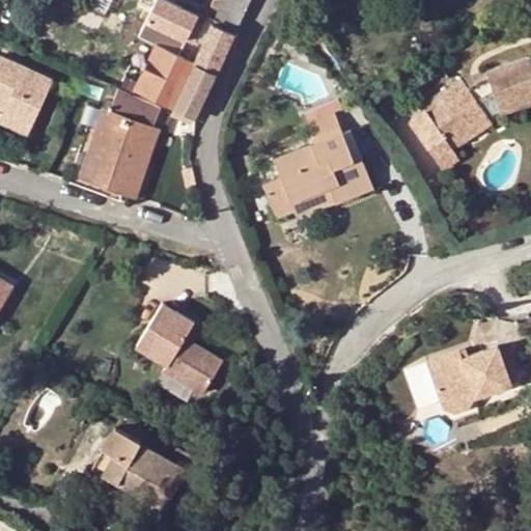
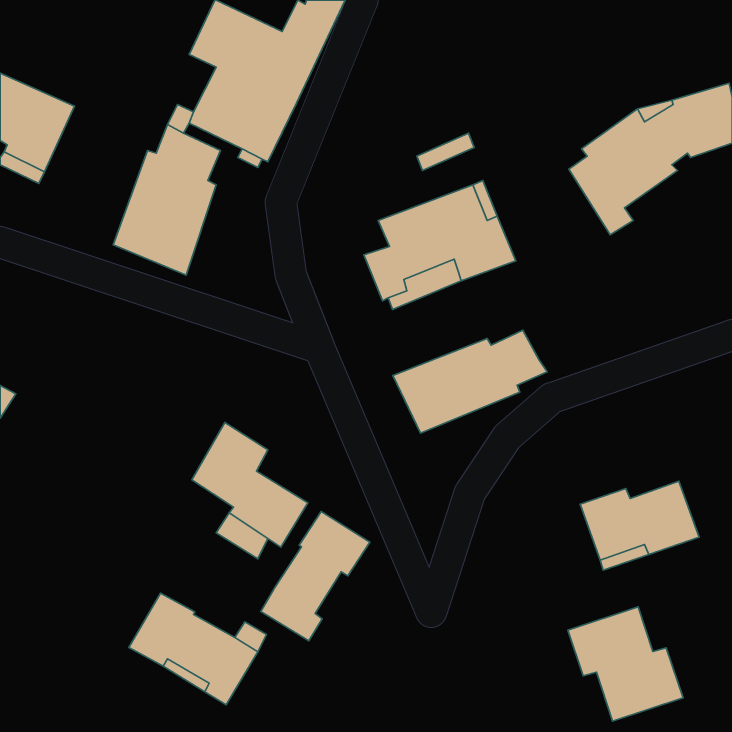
building: none -> [393,330,547,433]
building: none -> [261,512,370,641]
building: none -> [568,607,683,721]

